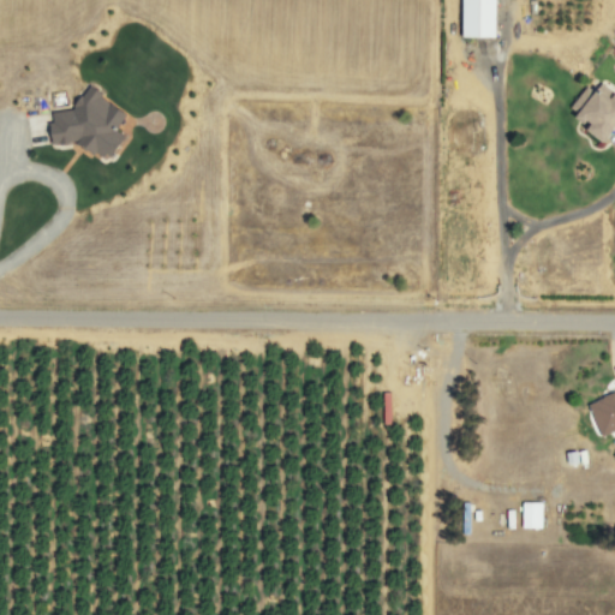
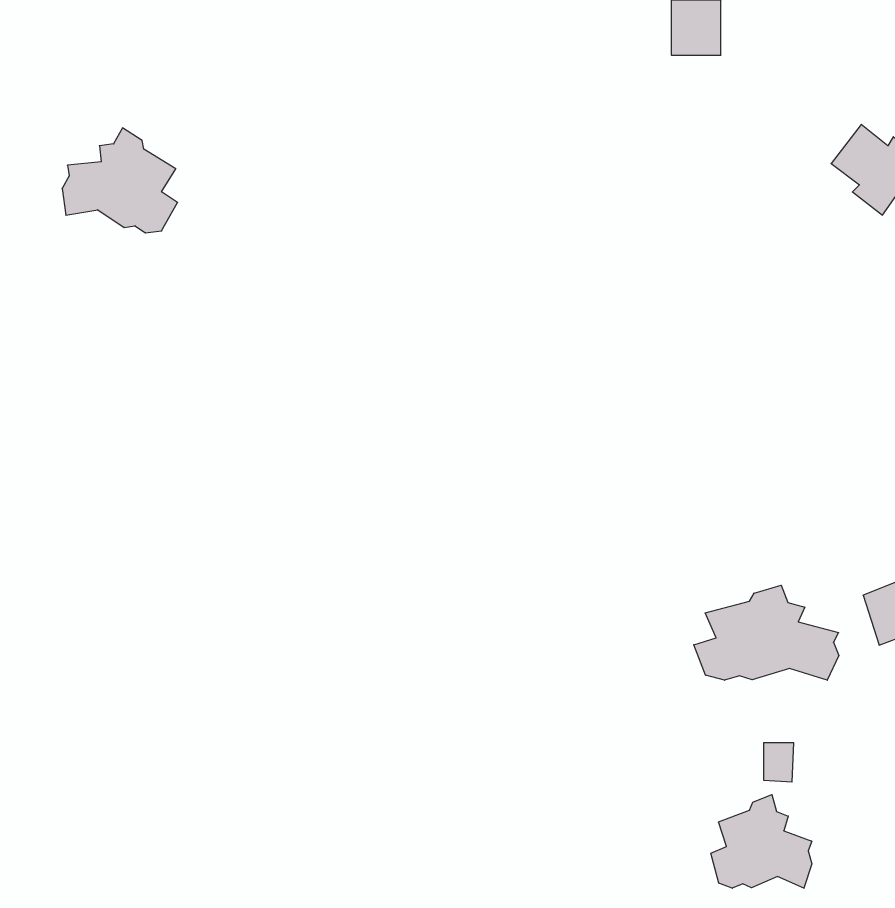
building: none -> [694,585,839,680]
building: none -> [711,795,812,888]

